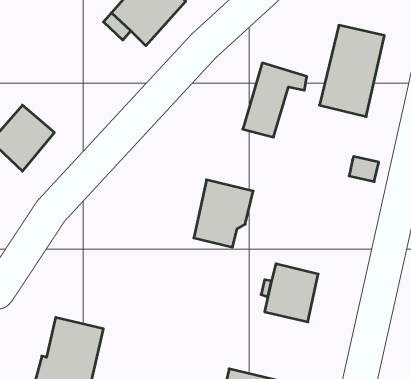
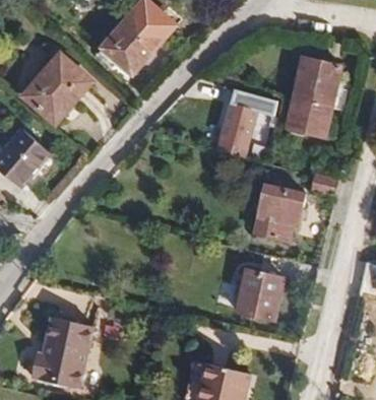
building: none -> [18,50,93,125]
building: [194,180,253,247] -> [253,183,306,243]

